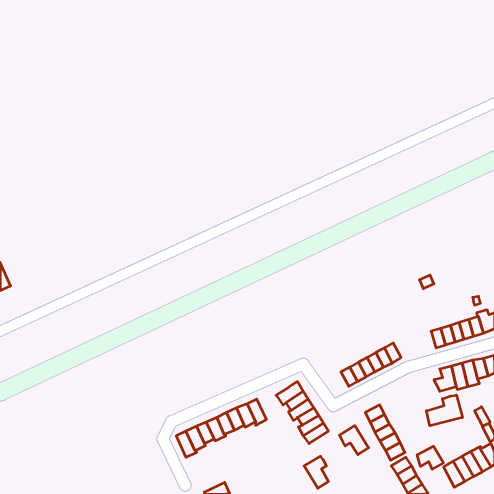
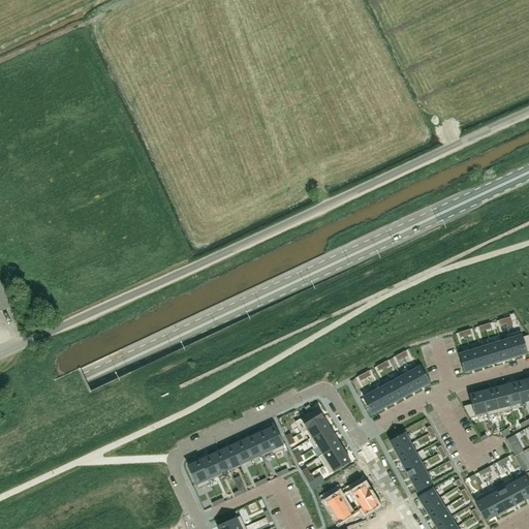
building: [426,395,462,426] -> none
building: [339,426,369,455] -> [346,480,377,511]
building: [417,446,443,469] -> none

